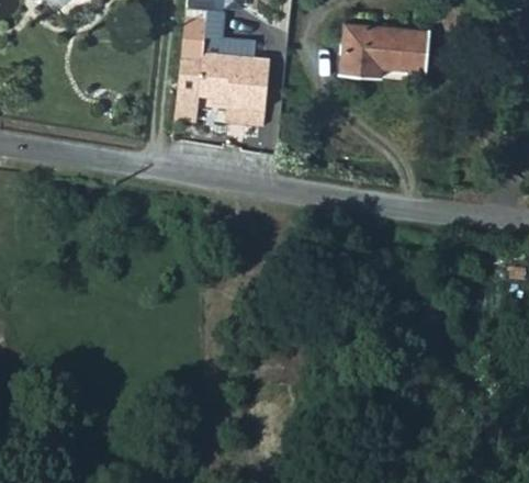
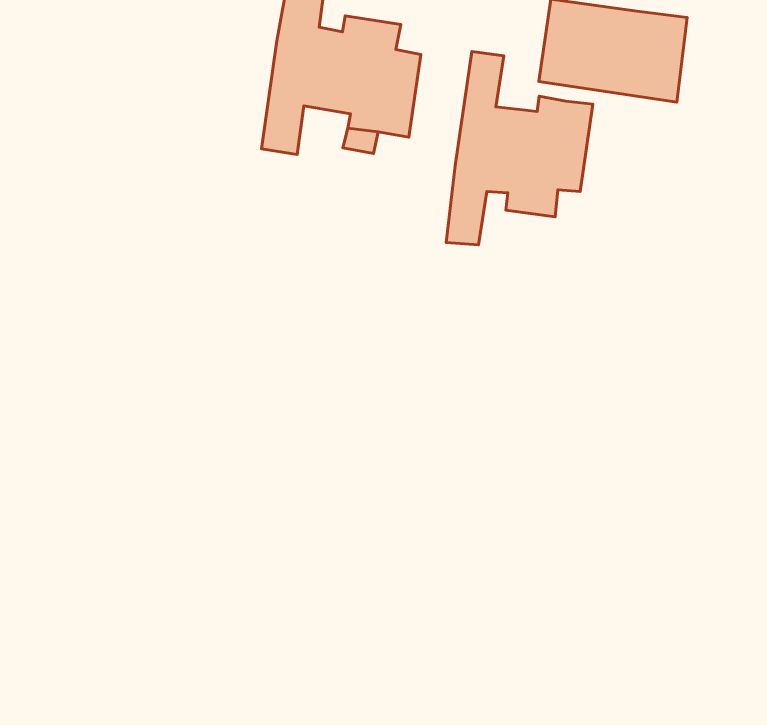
building: none -> [446,52,593,245]

